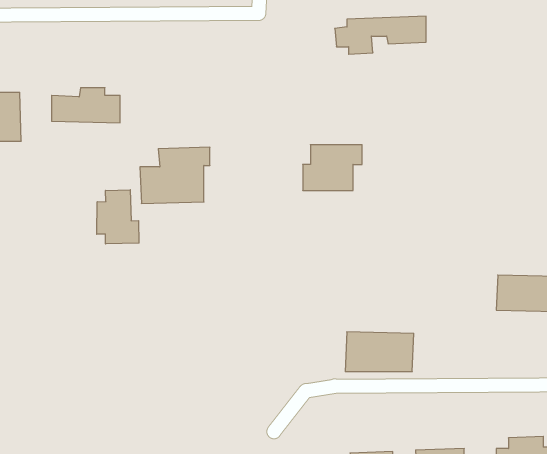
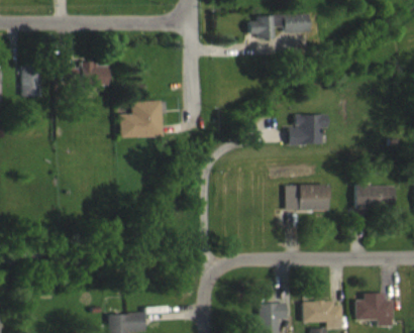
building: [303,145,362,190] -> [288,114,327,144]
building: [97,190,139,244] -> none
building: [345,332,414,372] -> [285,184,330,210]

